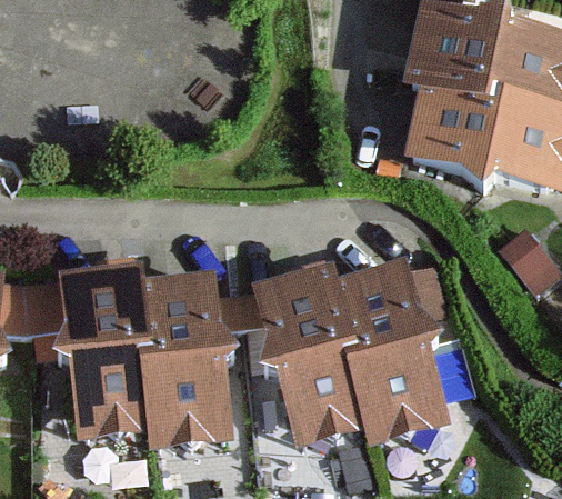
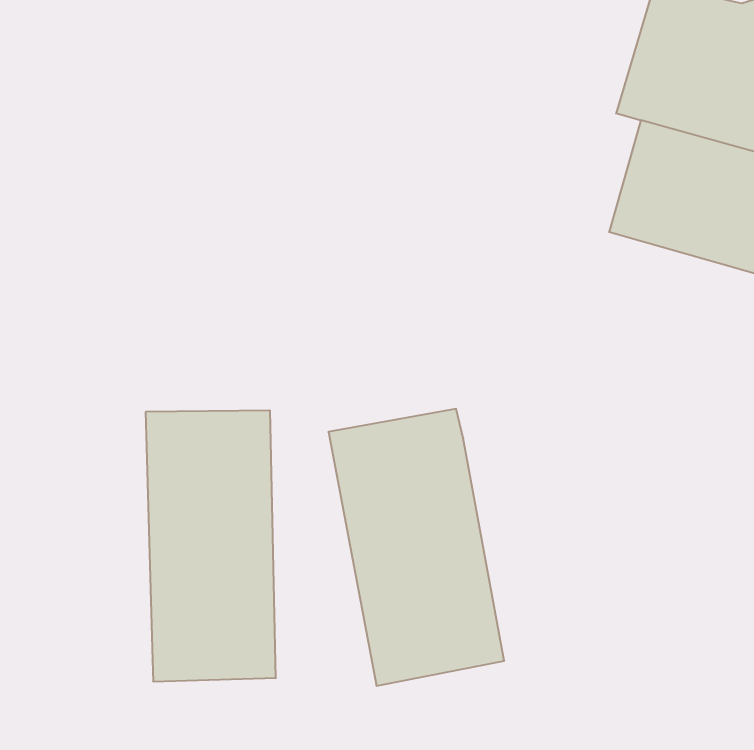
building: [335,265,449,441] -> none
building: [62,270,152,437] -> none

